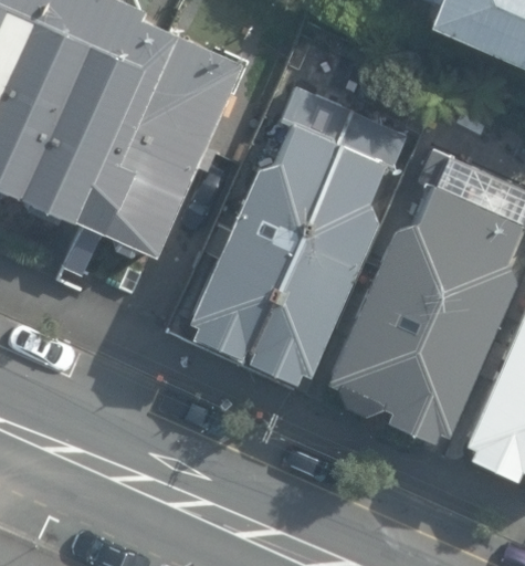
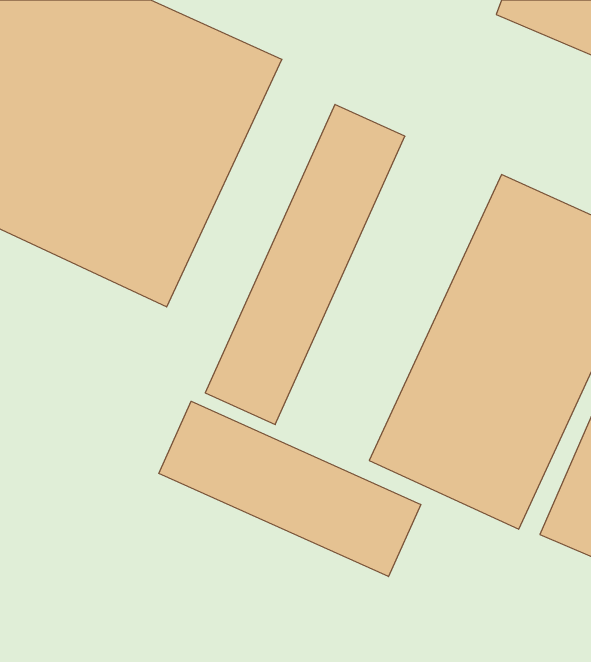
building: [241,120,407,387] -> none
building: none -> [159,401,421,577]

